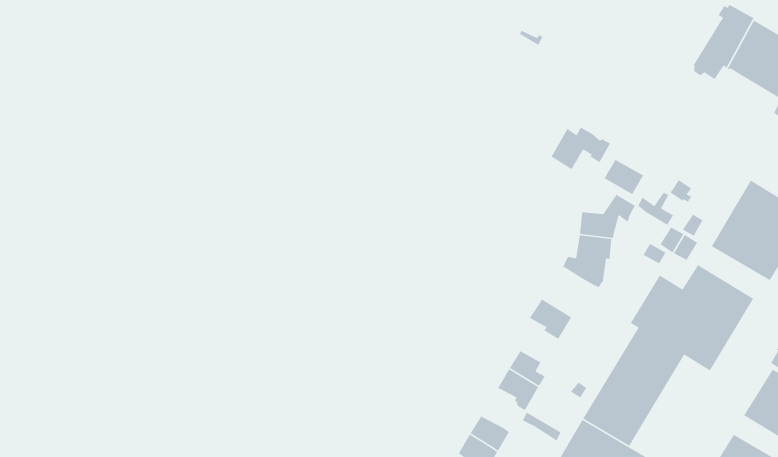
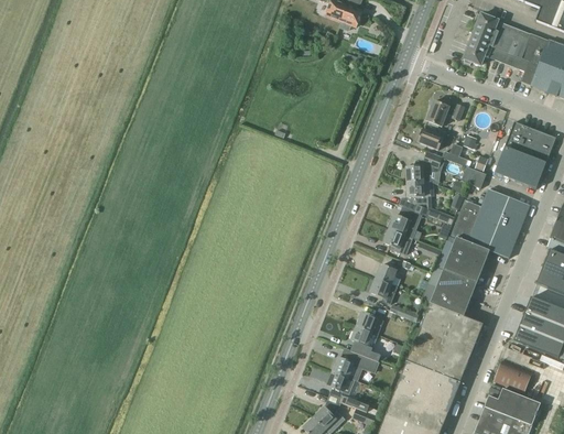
building: [551,127,611,170] -> [426,98,465,128]
building: none -> [390,206,422,237]

